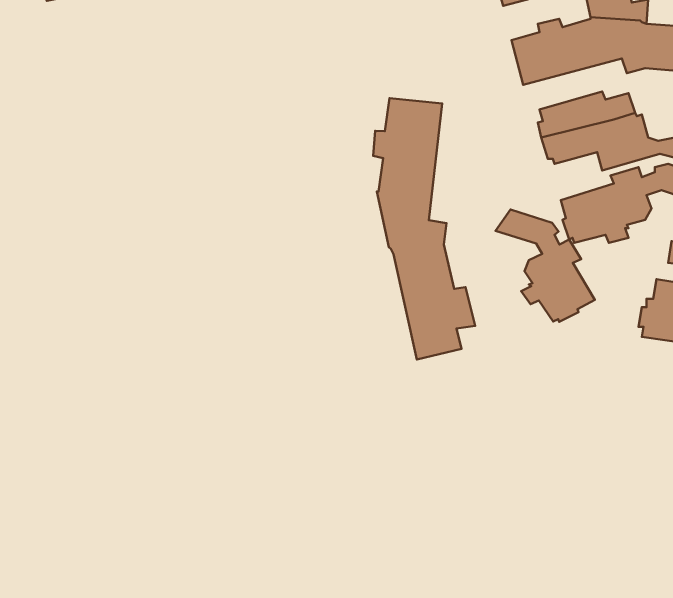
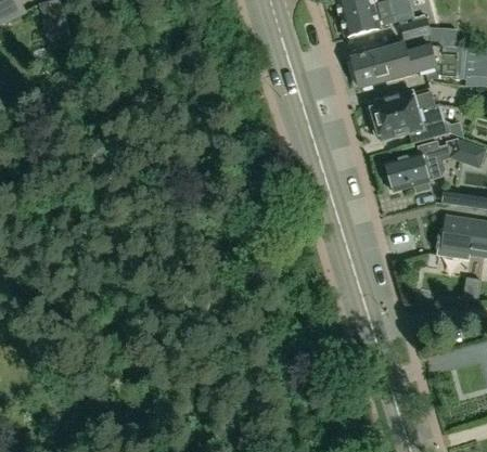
building: [373,98,475,359] -> none
building: [496,210,595,322] -> none

